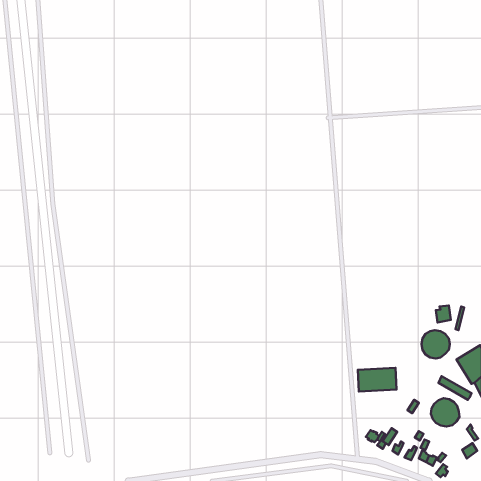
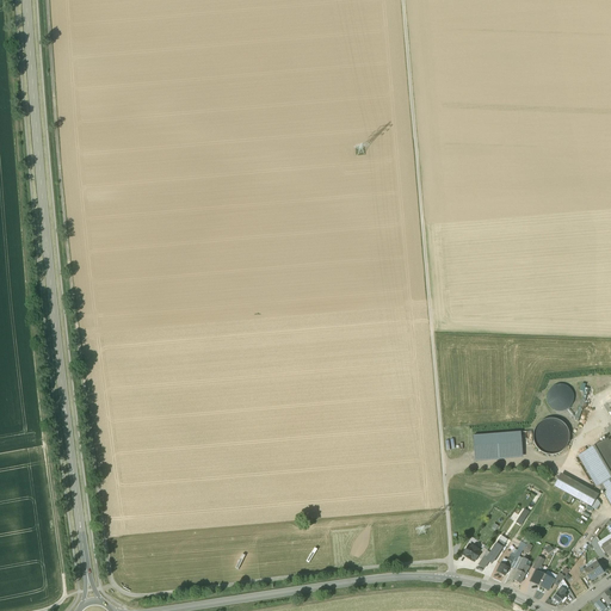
building: [358,368,396,391] -> [475,427,524,457]
building: [431,398,459,426] -> none

